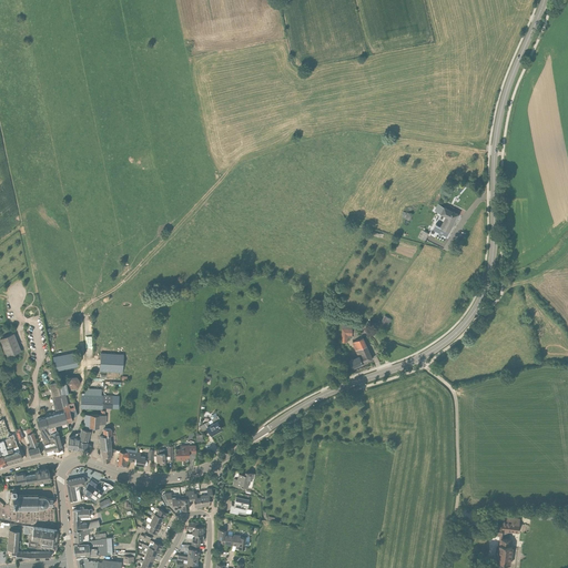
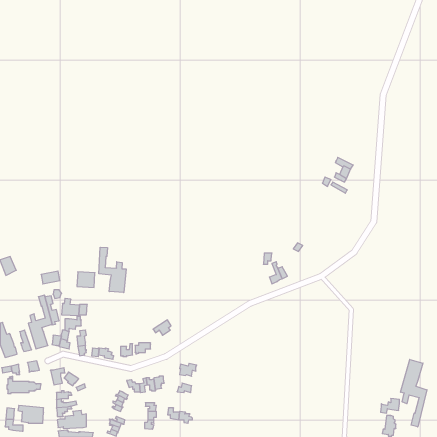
building: none -> [99,247,126,293]
building: none -> [401,359,427,427]

